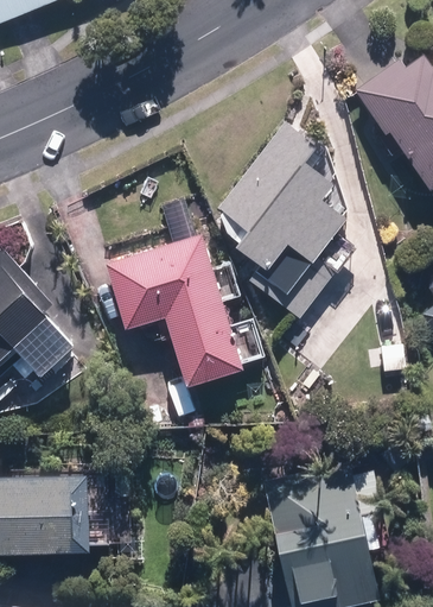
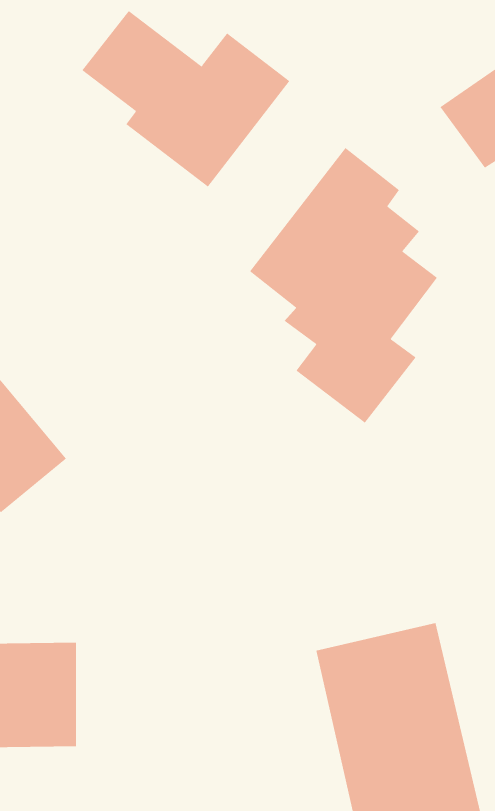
building: none -> [81,10,290,187]
building: [101,232,248,386] -> none

